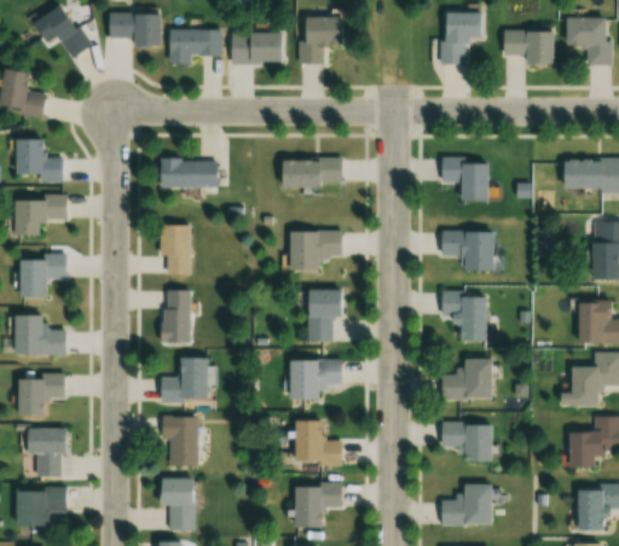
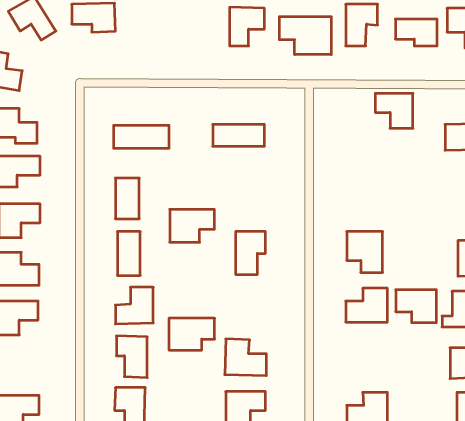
building: none -> [279,17,331,55]
building: [168,30,221,65] -> none
building: [230,31,280,63] -> none
building: [441,159,487,202] -> [375,93,413,128]
building: [289,231,343,271] -> [170,209,214,242]
building: [441,231,492,271] -> none
building: [289,360,345,399] -> [169,318,215,350]
building: [442,423,492,463] -> [396,290,436,323]
building: [25,429,64,476] -> none

